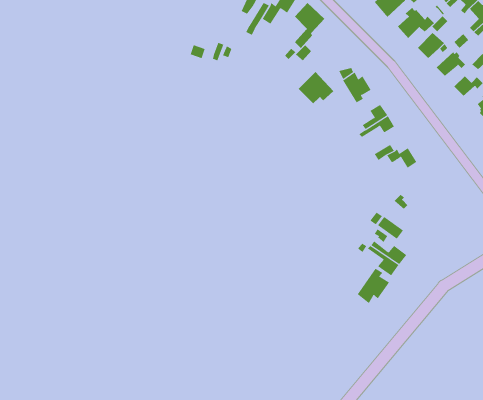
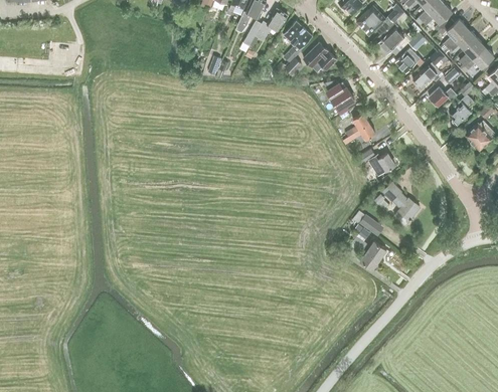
building: [298,71,334,104] -> [303,42,336,72]
building: none -> [382,183,420,224]
building: [357,268,390,303] -> none

